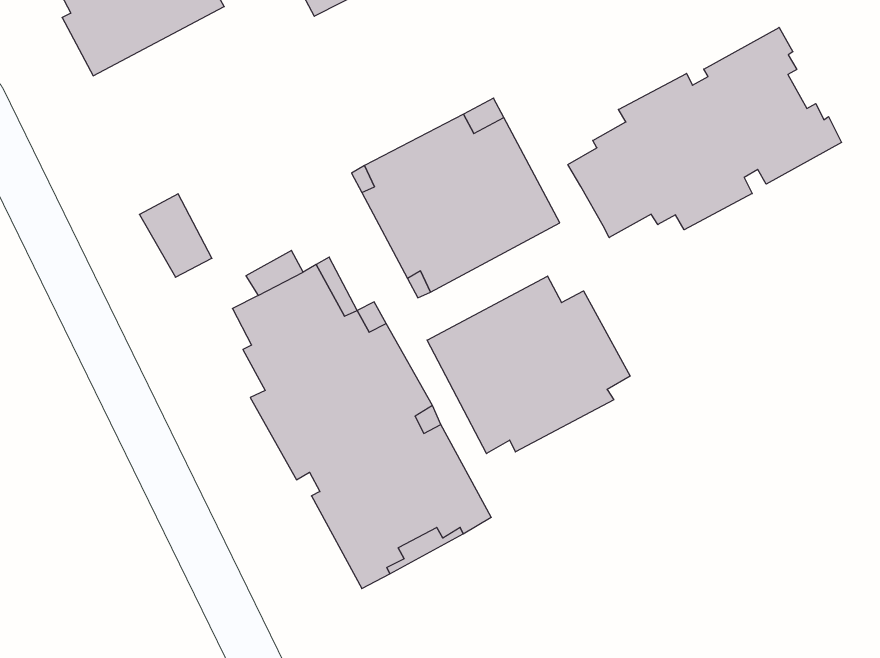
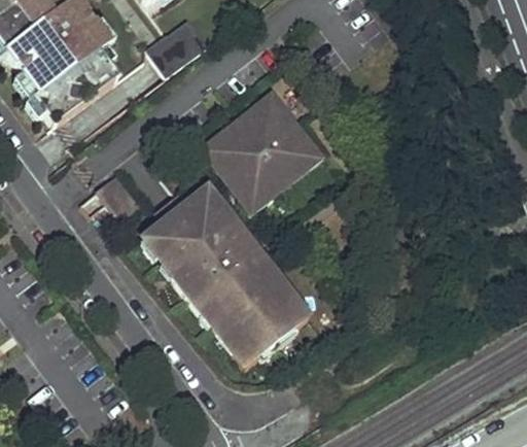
building: [568,27,842,238] -> none
building: [427,276,630,454] -> none

